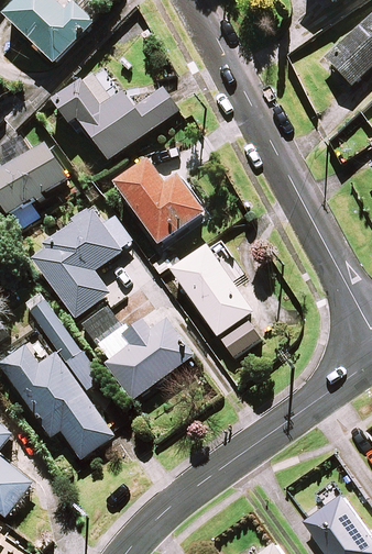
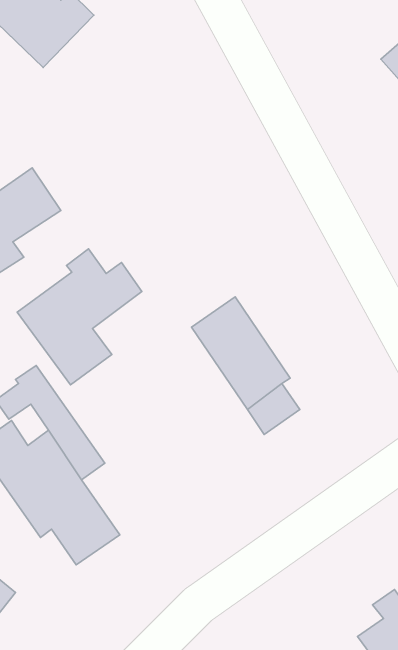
building: [53,80,176,159] -> none
building: [116,160,205,244] -> none
building: [81,304,192,397] -> none

